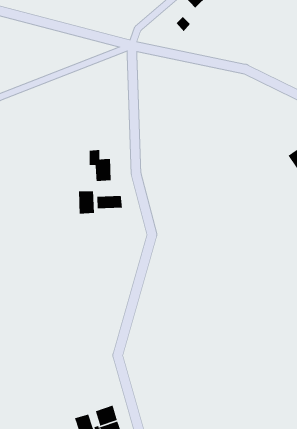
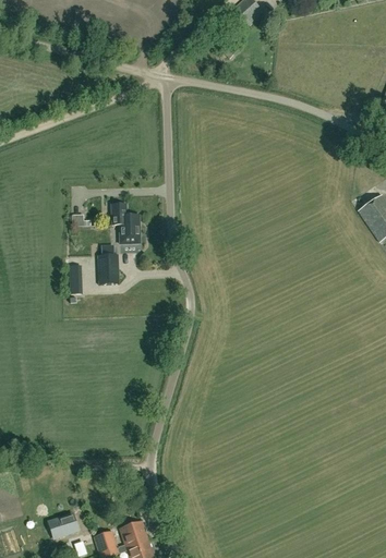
building: [97,195,123,209] -> none
building: none -> [47,512,79,537]

